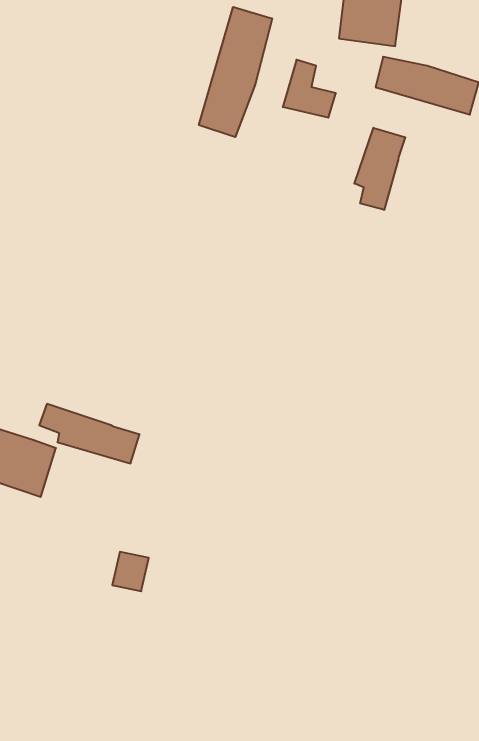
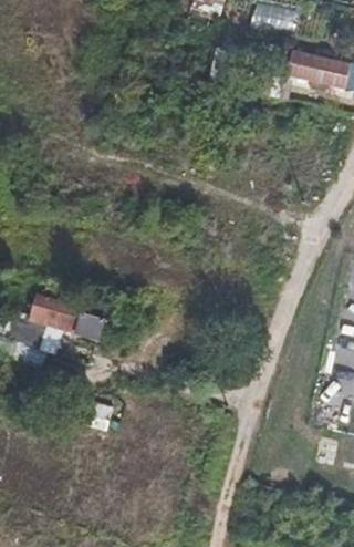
building: [199,7,272,137] -> none
building: [354,128,405,210] -> none

